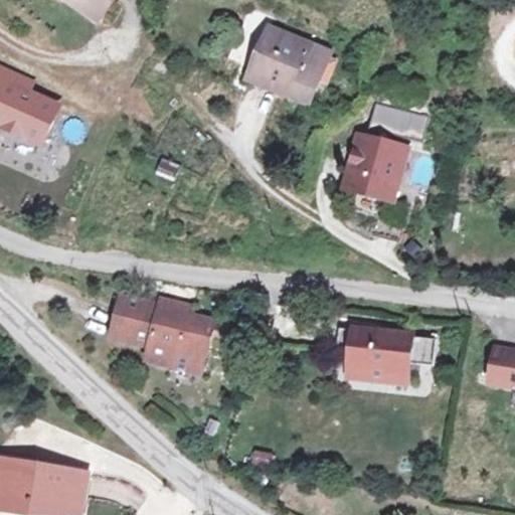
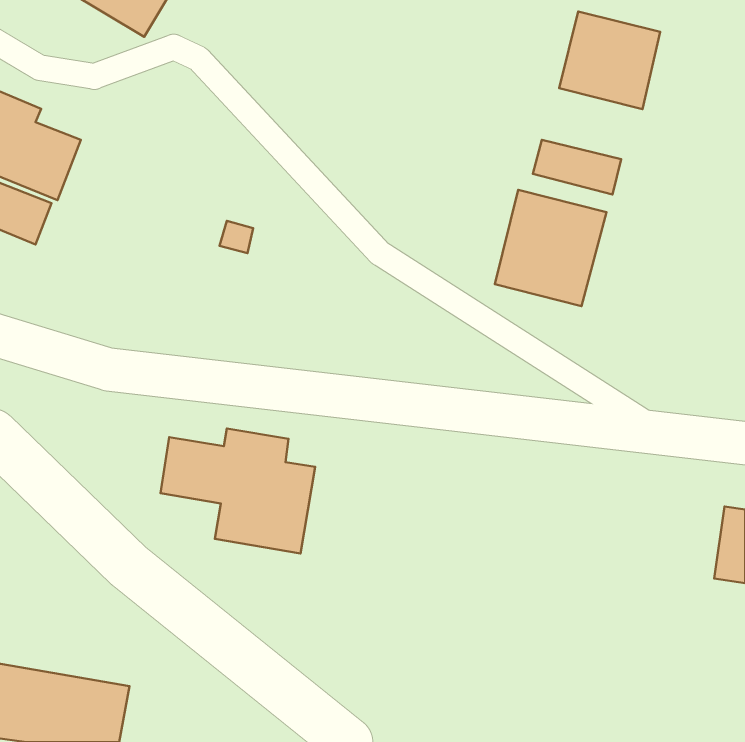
building: none -> [559,11,660,109]
building: [236,17,333,107] -> none
building: [332,323,438,392] -> none

